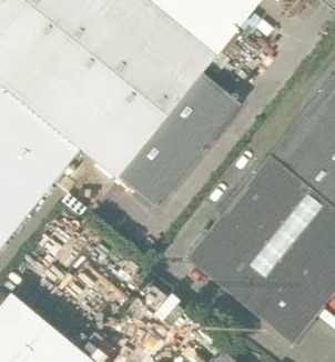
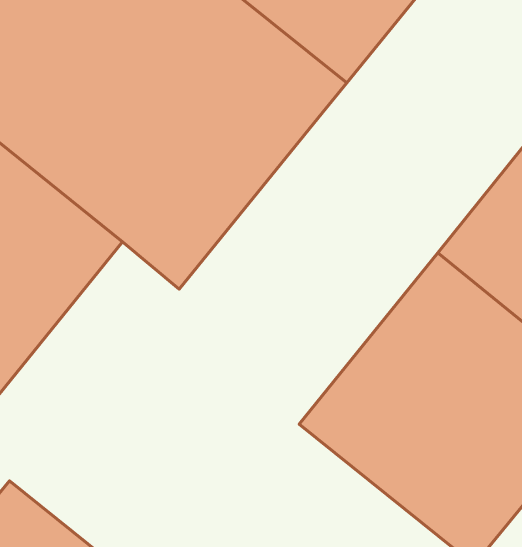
building: [113,70,238,209] -> none

